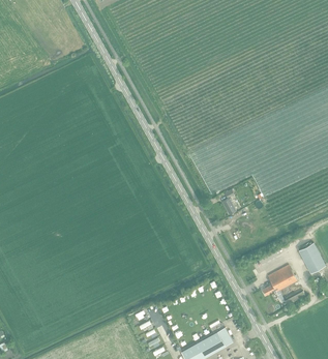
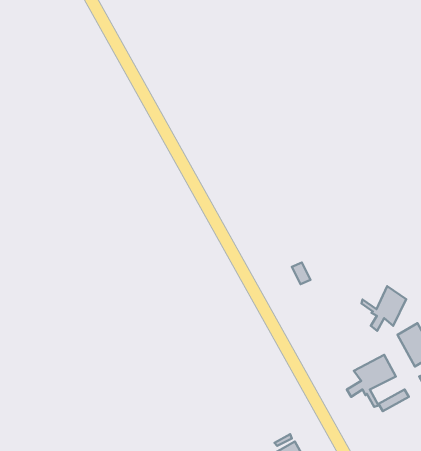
building: none -> [361,286,406,331]

